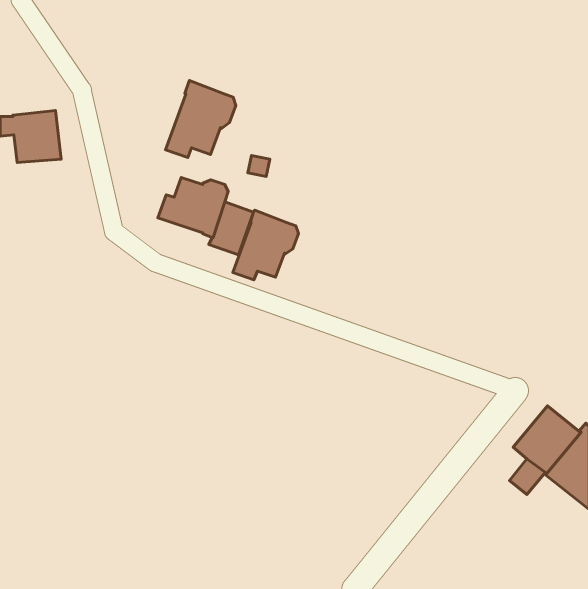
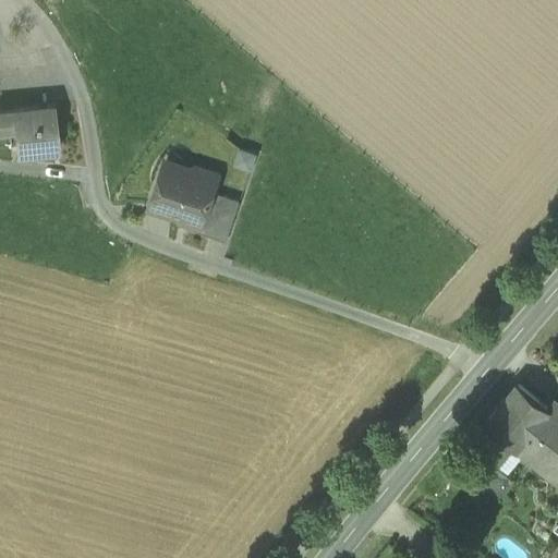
building: [165,81,236,158] -> none
building: [233,210,299,280] -> none

